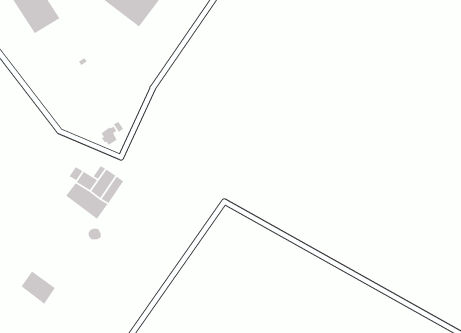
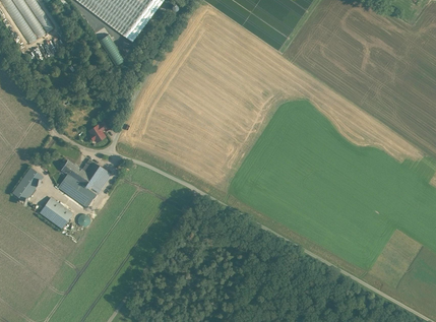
building: none -> [13,168,44,201]
building: [21,271,56,305] -> [42,198,73,229]

